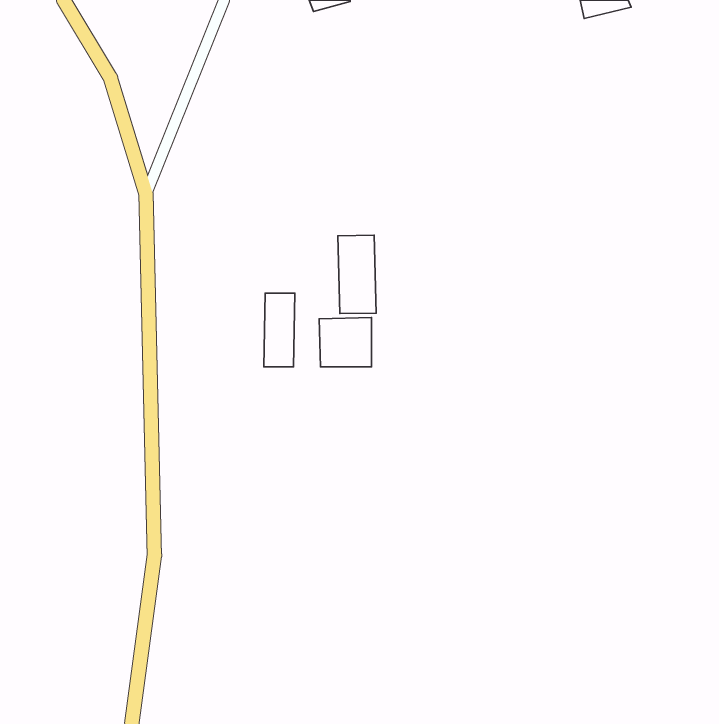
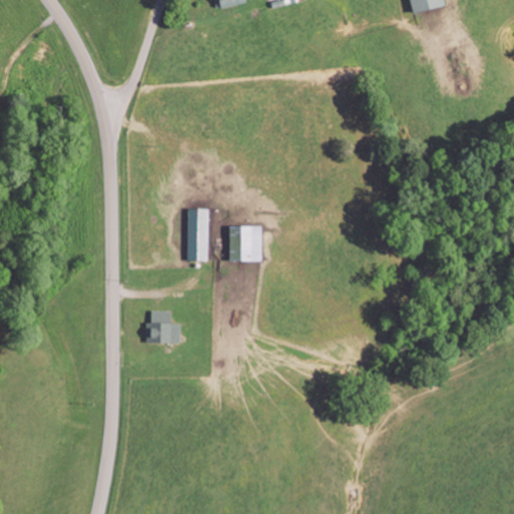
building: [338,235,376,313] -> none
building: none -> [147,310,181,342]

